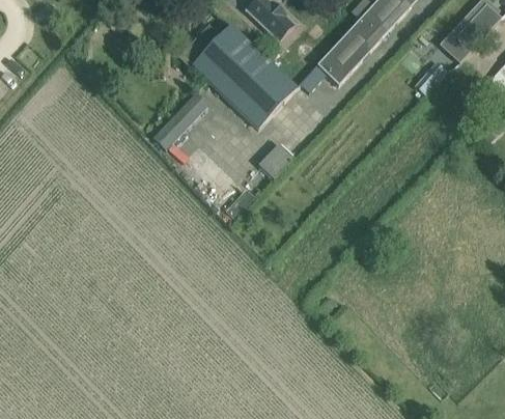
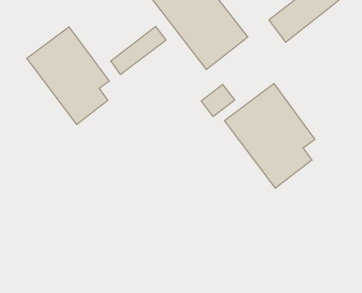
building: none -> [27,27,109,124]
building: none -> [224,84,315,188]

